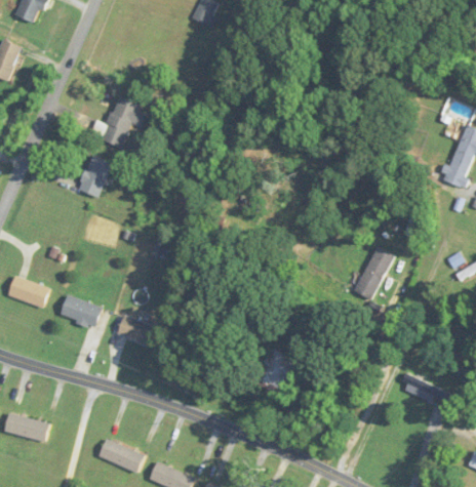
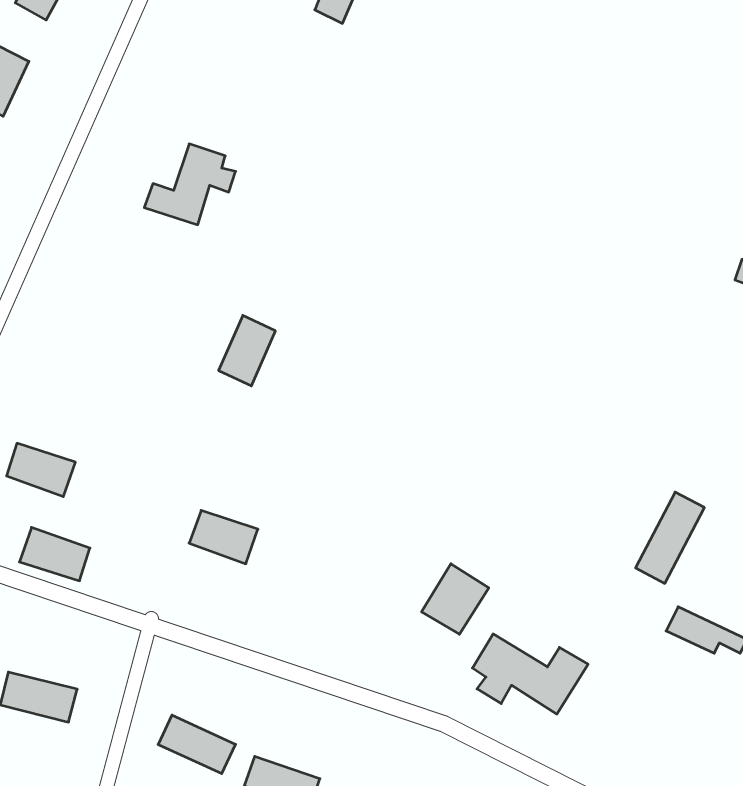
building: [78,155,112,197] -> [219,315,275,386]
building: [353,246,394,300] -> [636,492,704,583]
building: [60,294,102,326] -> [19,527,90,581]
building: none -> [472,634,588,714]

